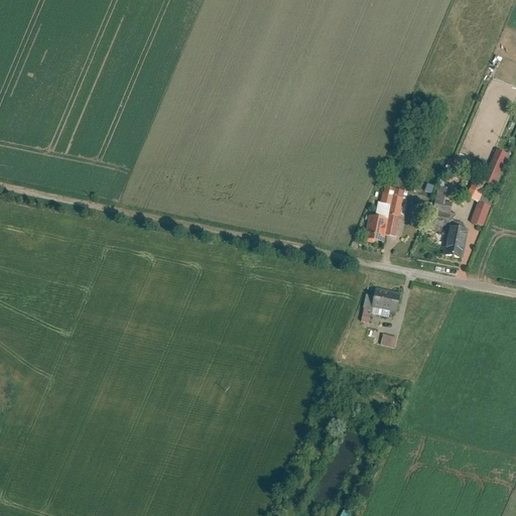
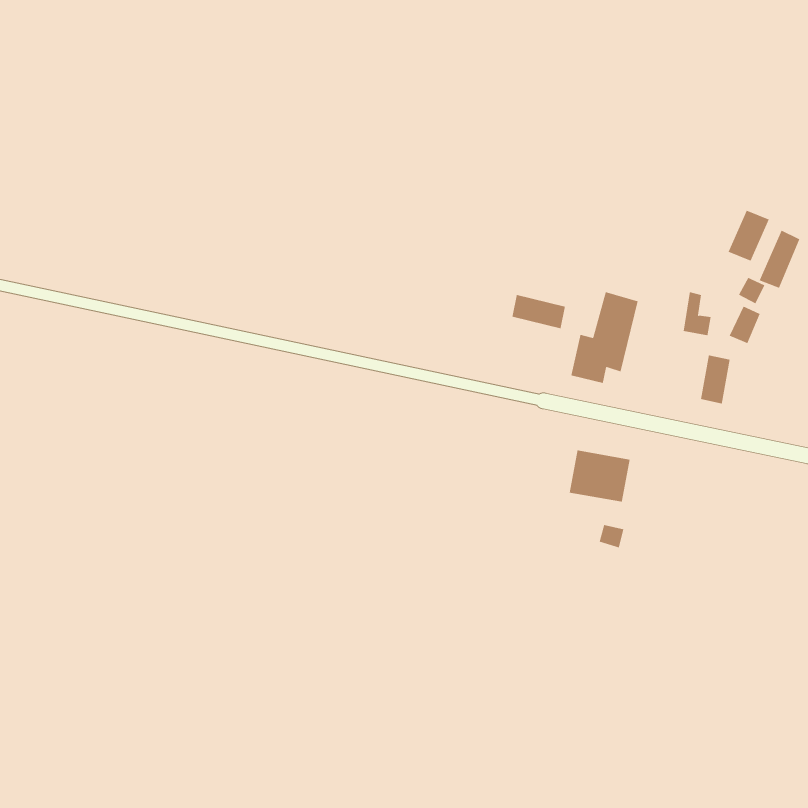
building: none -> [728,210,769,261]
building: none -> [512,294,566,329]

